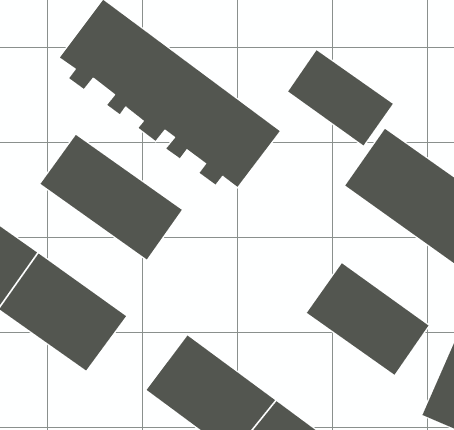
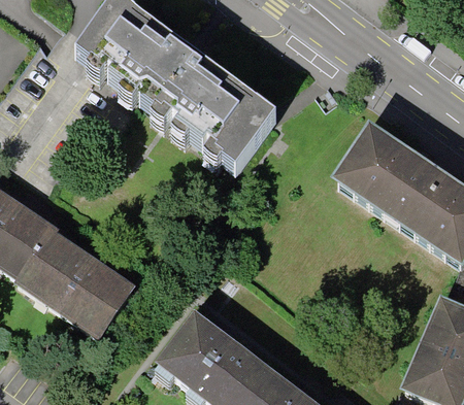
building: [287,49,394,147] -> none
building: [40,134,183,261] -> none
building: [306,262,430,376] -> none

